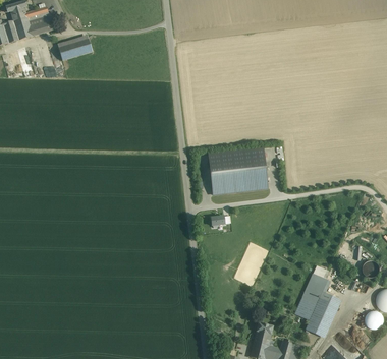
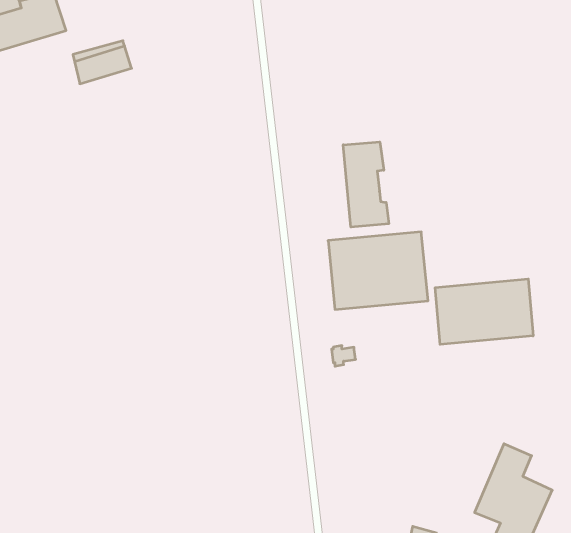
building: none -> [343,142,389,227]
building: none -> [435,279,533,344]

